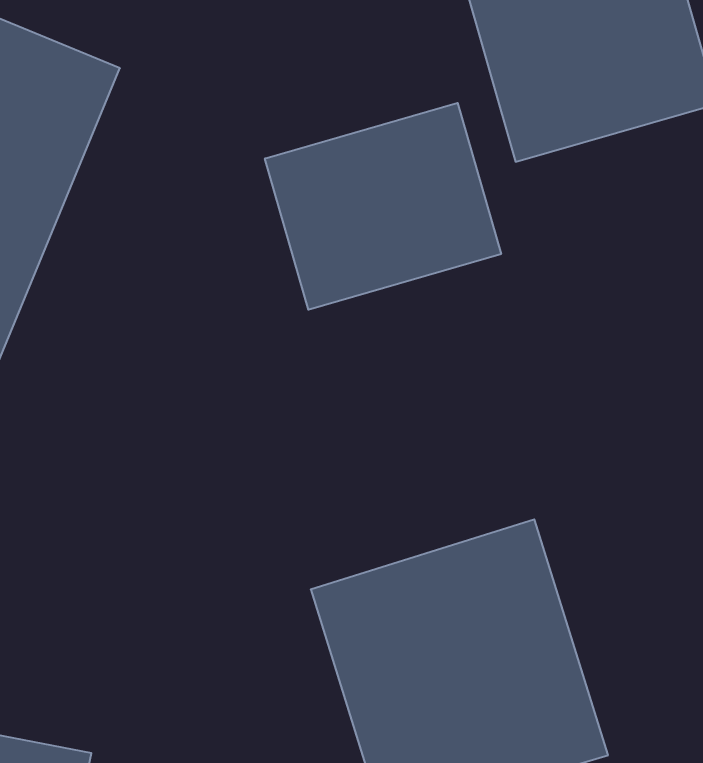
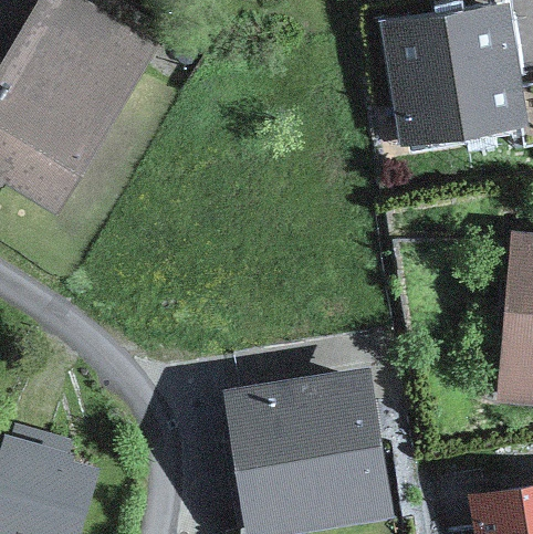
building: [265,103,501,310] -> none

